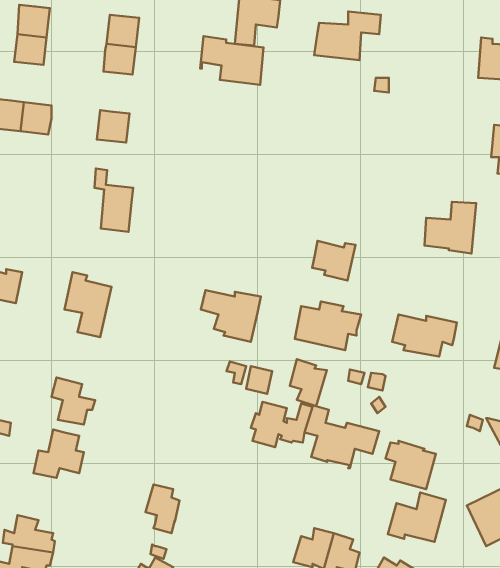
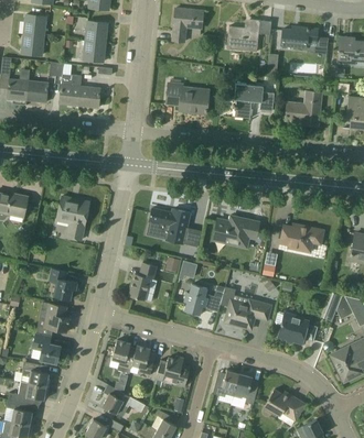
building: none -> [280,26,318,54]
building: [200,36,264,85] -> [165,81,208,114]
building: none -> [235,84,275,118]
building: [94,169,133,232] -> [55,63,82,106]
building: [424,202,476,254] -> [286,90,321,125]
building: [312,241,355,280] -> none
building: [290,359,327,406] -> none
building: none -> [129,262,157,302]
building: none -> [32,332,60,363]
building: [388,493,446,542] -> none
building: none -> [131,346,156,374]
building: none -> [156,357,190,386]

